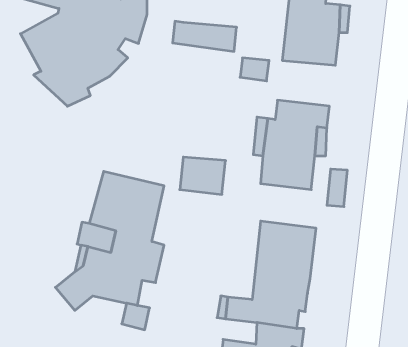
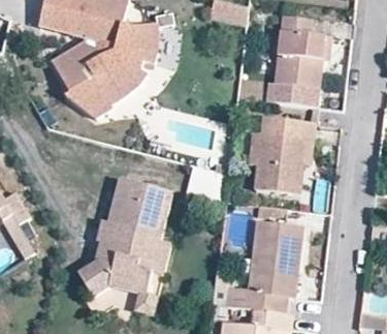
building: [173,21,237,51] -> [264,81,319,107]

